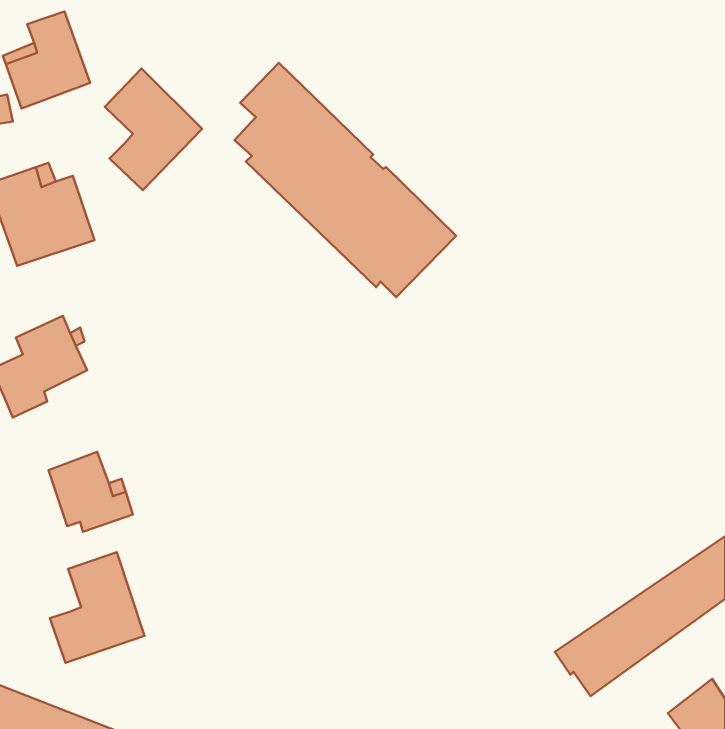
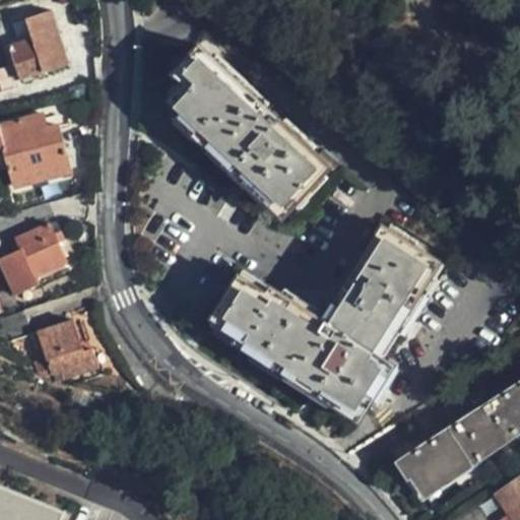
building: [105,69,202,190] -> none
building: none -> [222,232,442,424]
building: [50,552,144,663] -> none

